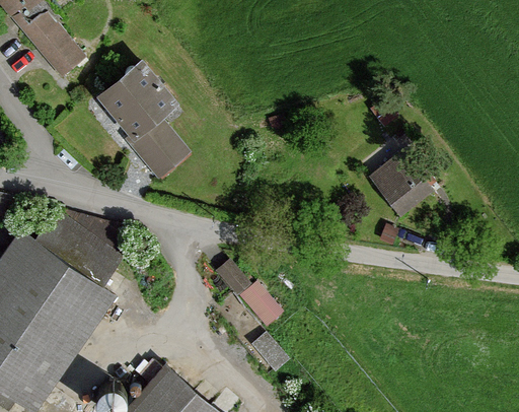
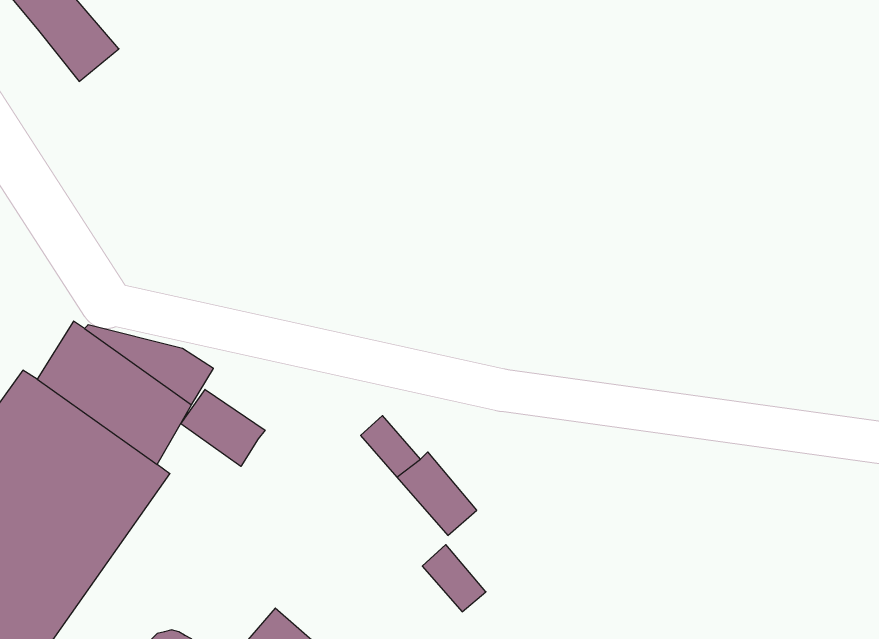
building: [102,64,186,176] -> none
building: [372,152,428,209] -> none
building: none -> [181,389,265,466]

